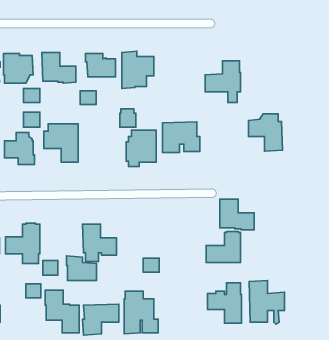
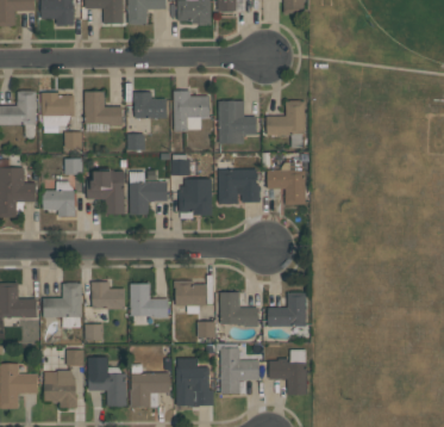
building: none -> [219,100,257,143]
building: [248,114,283,151] -> [268,162,306,204]
building: none -> [130,171,168,215]
building: [220,199,254,230] -> [220,291,258,326]
building: none -> [174,280,207,312]
building: [67,256,96,280] -> [92,280,125,308]
building: [249,281,284,324] -> [220,346,259,395]
building: none -> [44,370,77,407]

